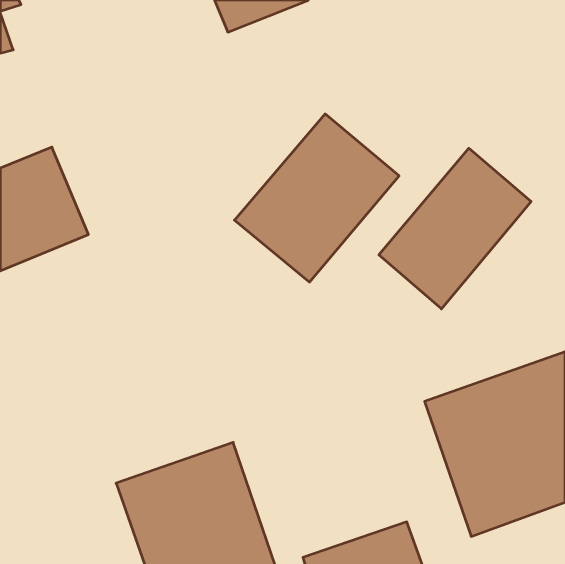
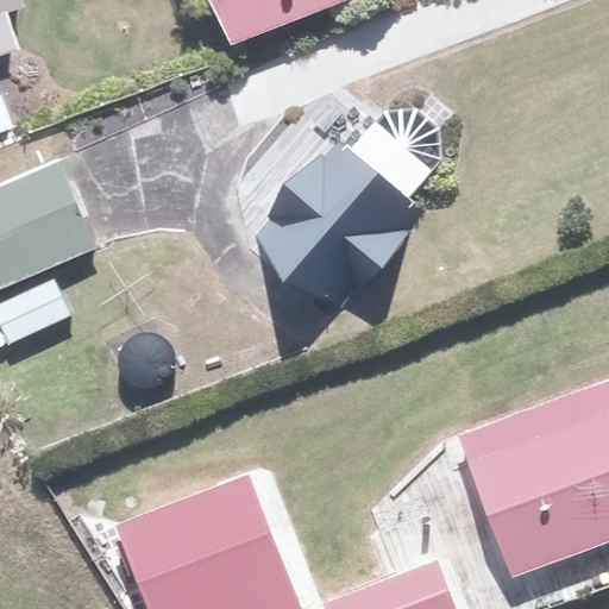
building: [379,148,531,309] -> none

